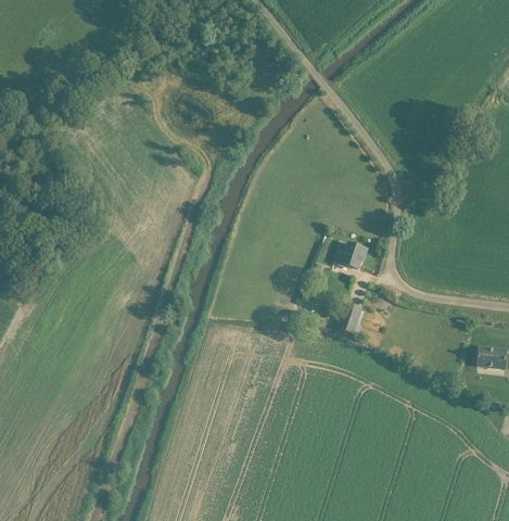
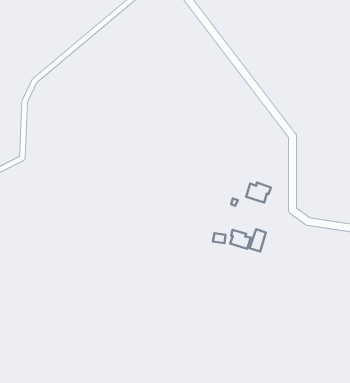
building: none -> [230,230,251,249]

